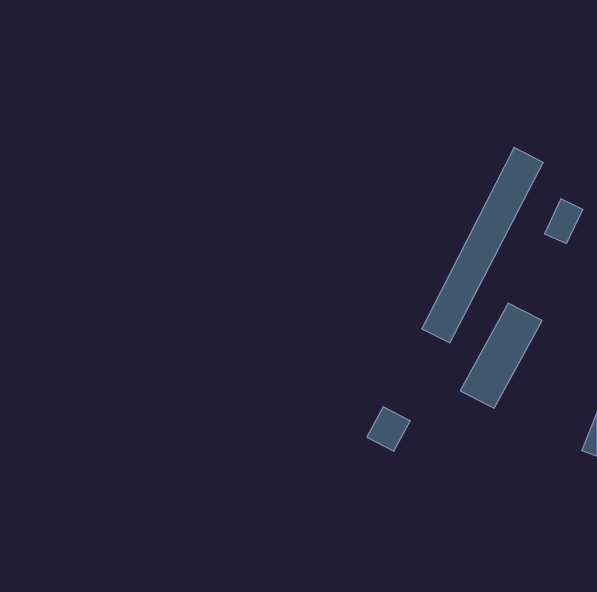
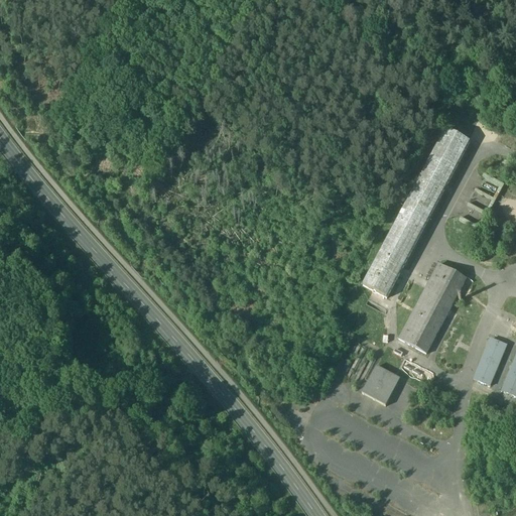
building: none -> [473,337,510,385]
building: [367,407,410,451] -> [362,365,399,403]

